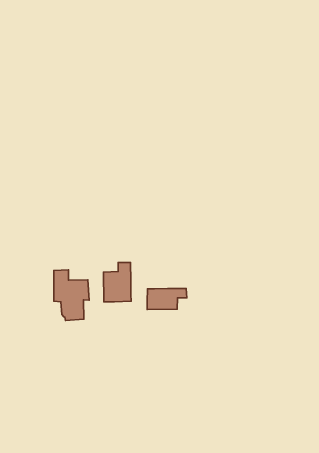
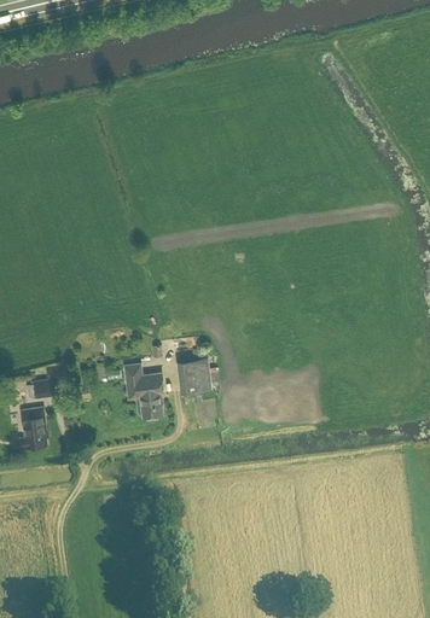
building: [147,288,187,309] -> none

